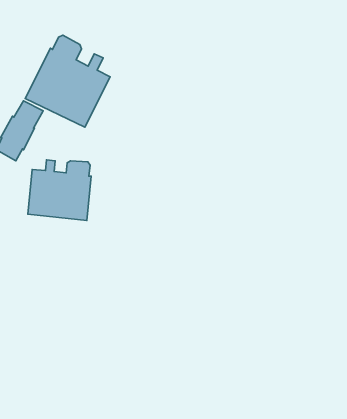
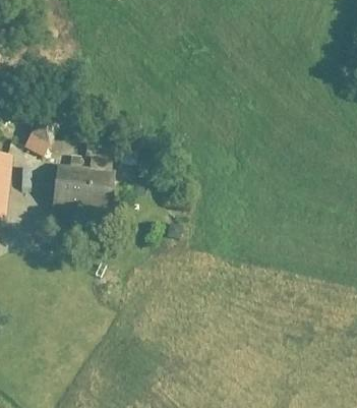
building: [25,35,110,127] -> none

